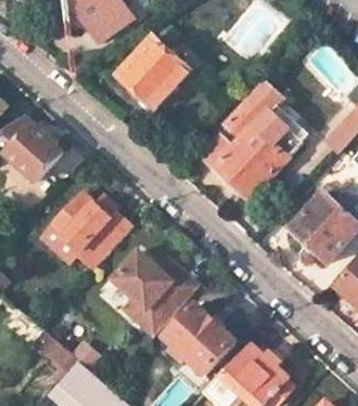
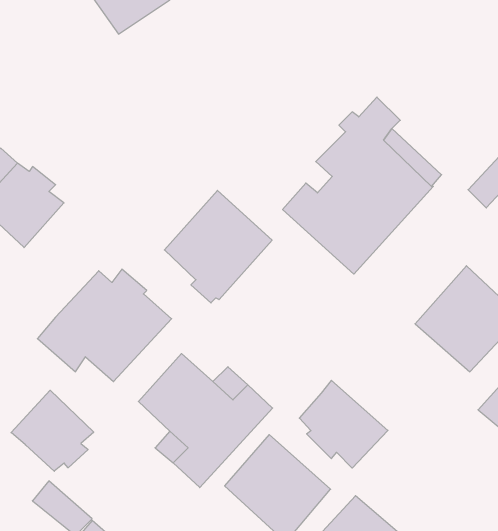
building: [115,37,186,110] -> [164,190,272,303]
building: none -> [299,380,388,468]
building: none -> [11,390,94,471]

